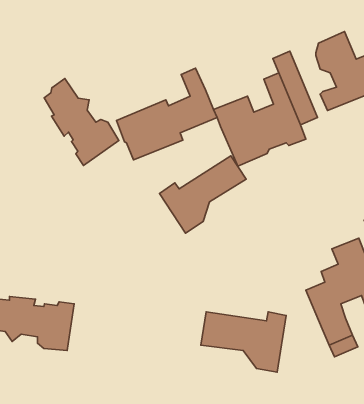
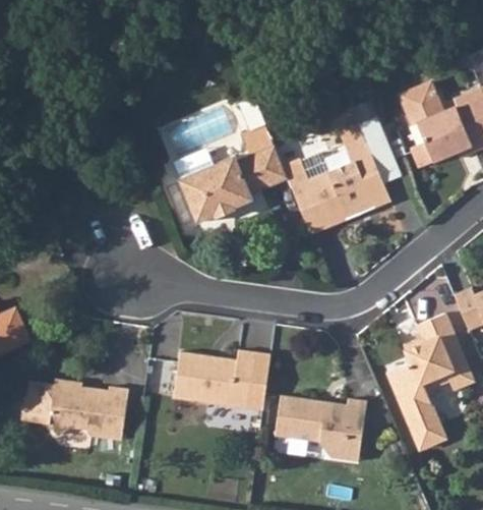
building: [44,78,119,166] -> none
building: [160,156,246,233] -> none
building: none -> [171,349,271,408]

